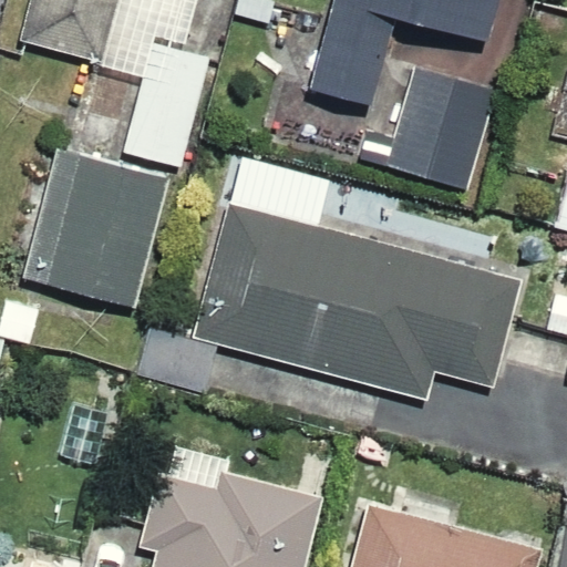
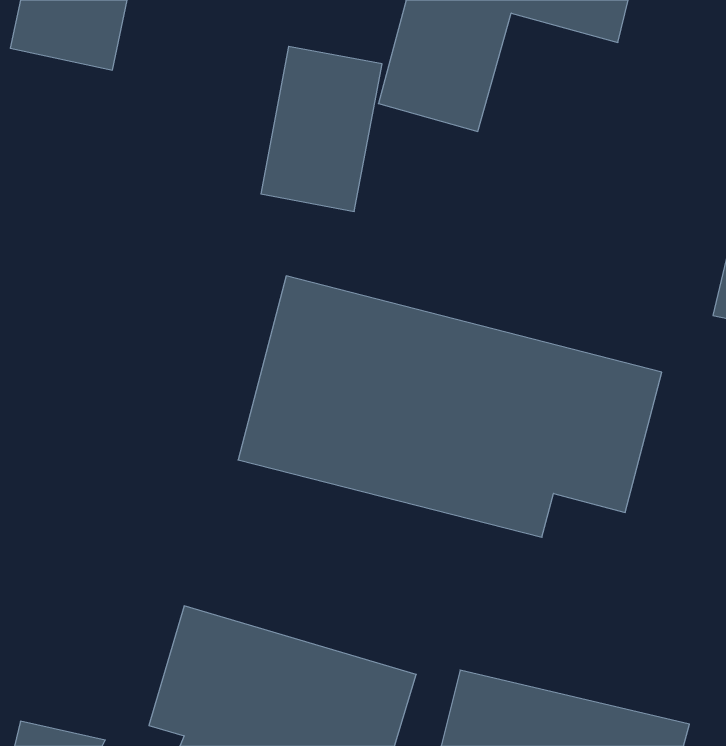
building: [122,35,214,161] -> [261,46,382,211]
building: [388,56,506,186] -> none
building: [22,138,168,303] -> none

